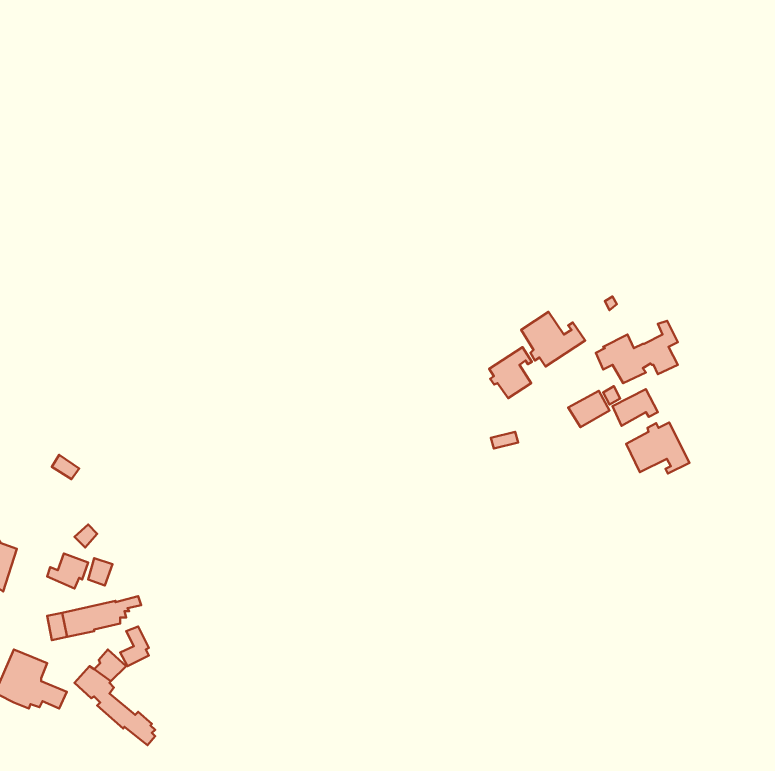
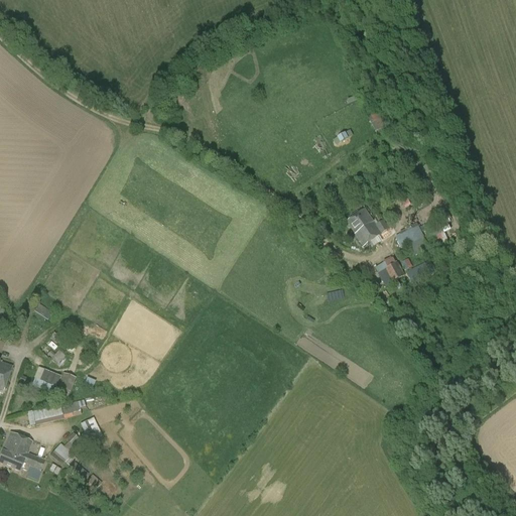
building: [489,347,532,398] -> none
building: [626,423,689,474] -> none

